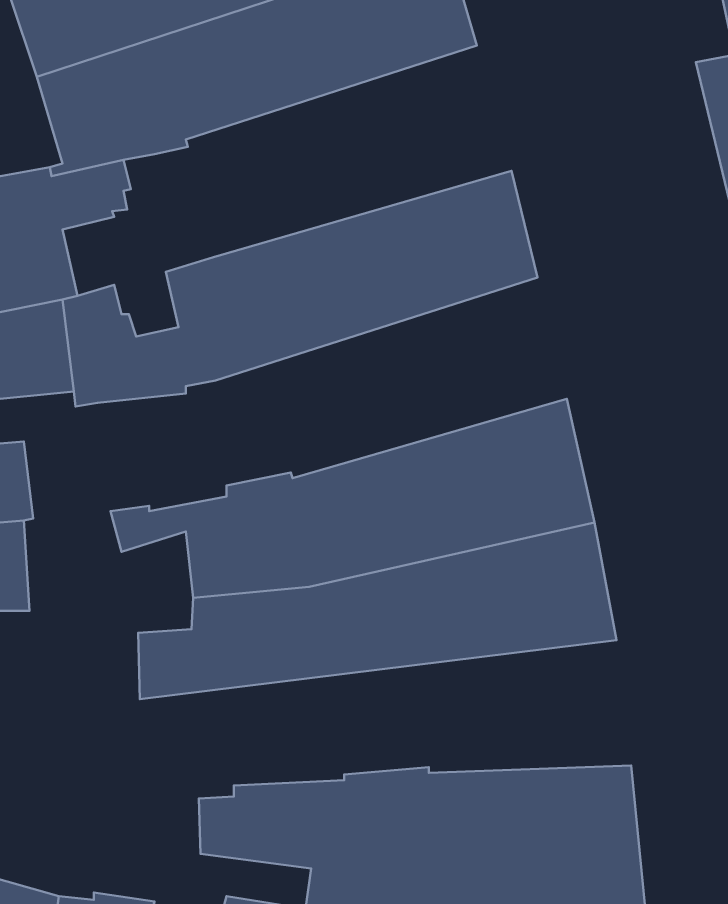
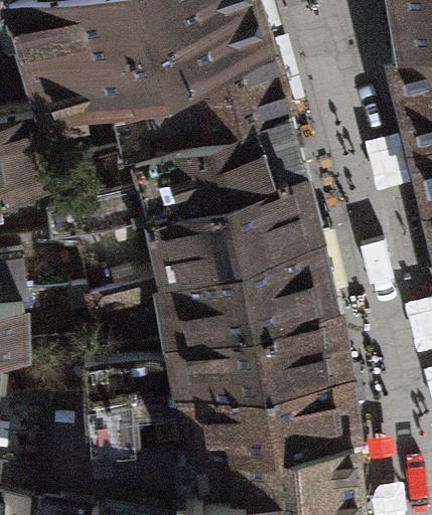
building: none -> [96,37,291,153]
building: none -> [64,164,321,292]
building: none -> [88,362,356,450]

